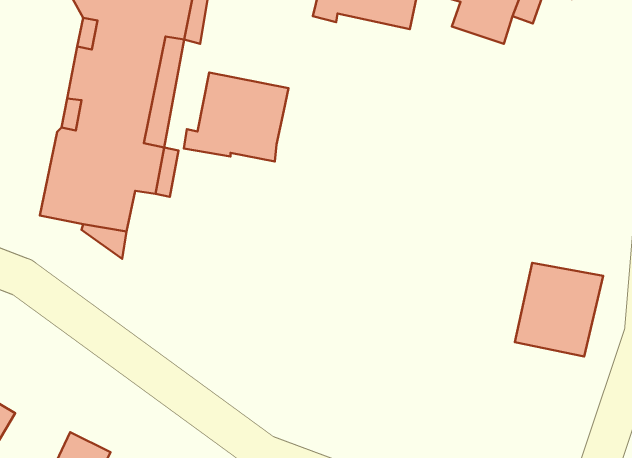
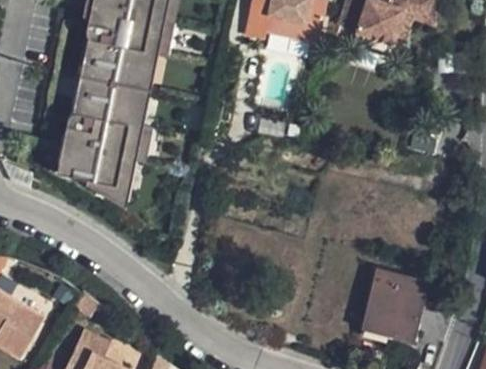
building: [184,73,288,162] -> none
building: [515,263,603,357] -> [359,268,420,333]

